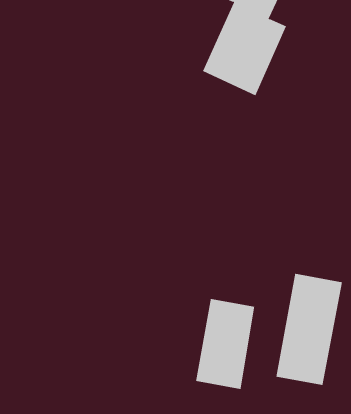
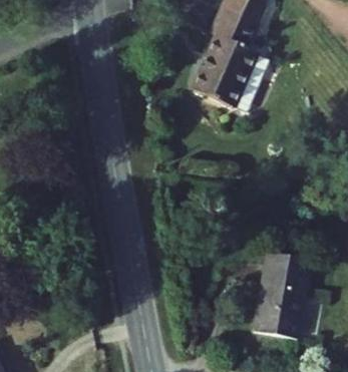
building: [195,298,255,390] -> none

